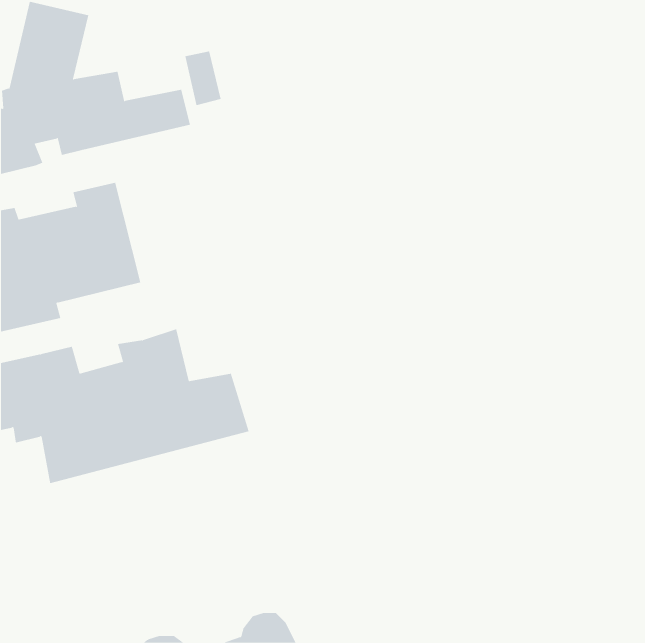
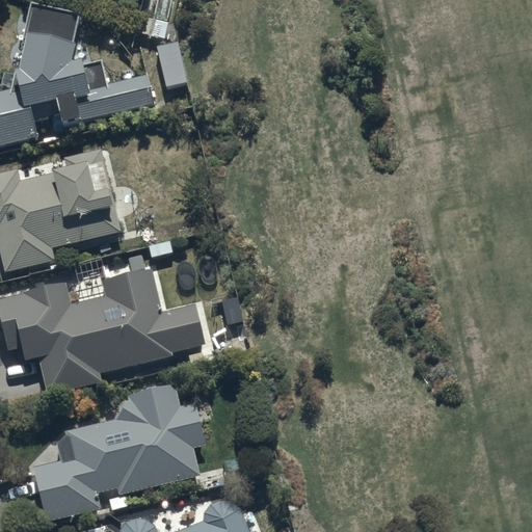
building: none -> [31,384,203,521]

